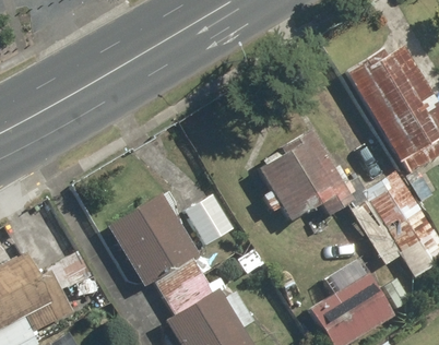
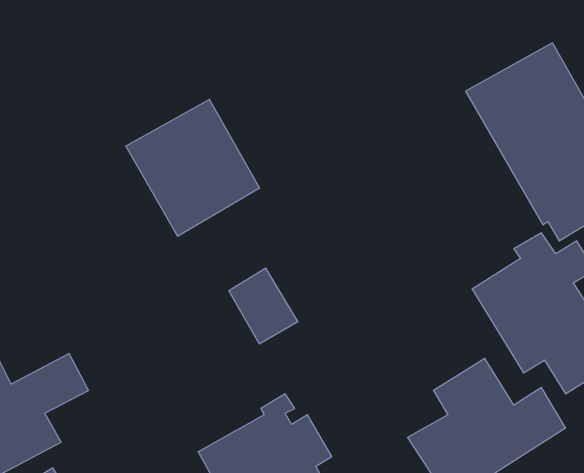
building: [256,131,355,223] -> none
building: [106,194,197,287] -> [126,99,260,236]

